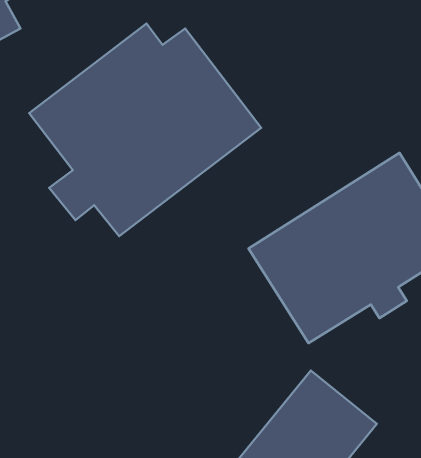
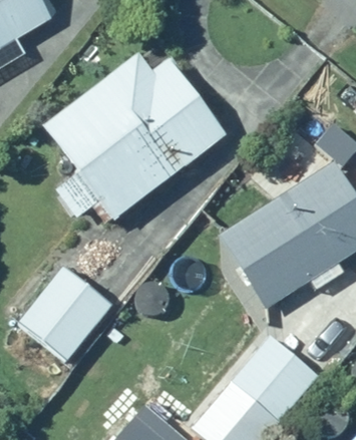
building: none -> [20,263,115,360]

